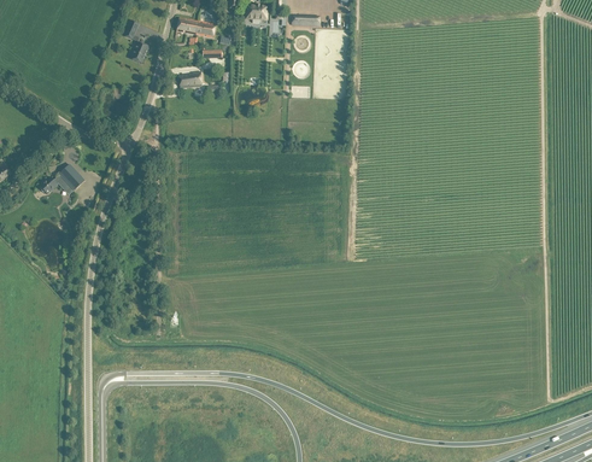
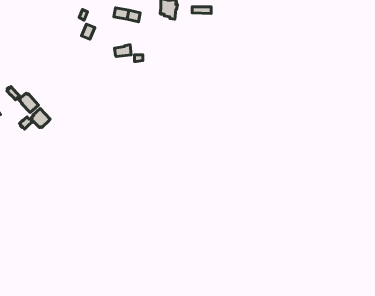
building: none -> [7,87,38,113]

